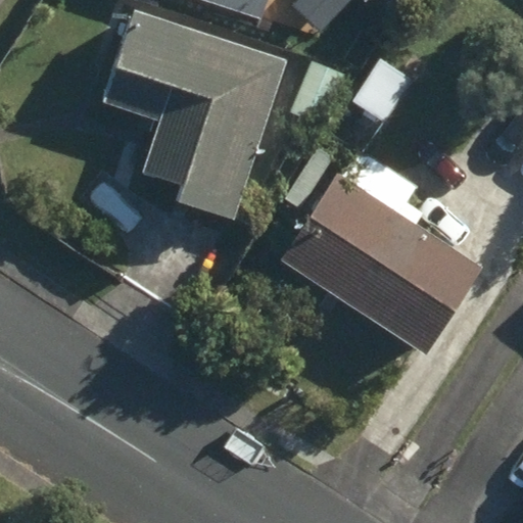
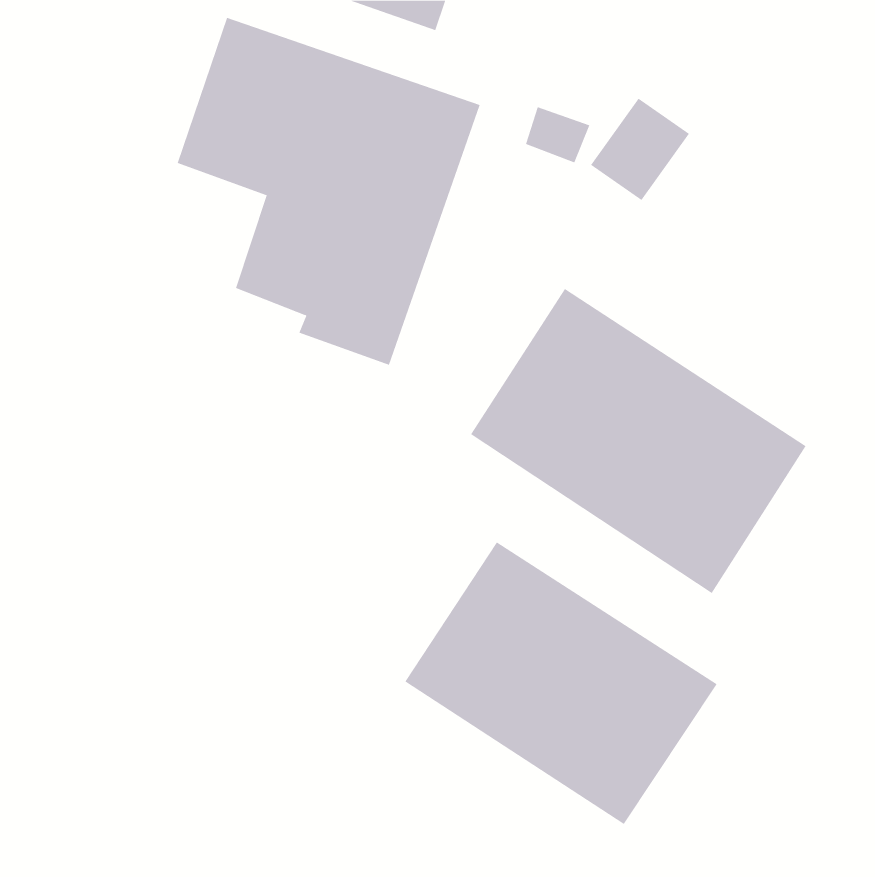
building: none -> [405,541,717,825]

